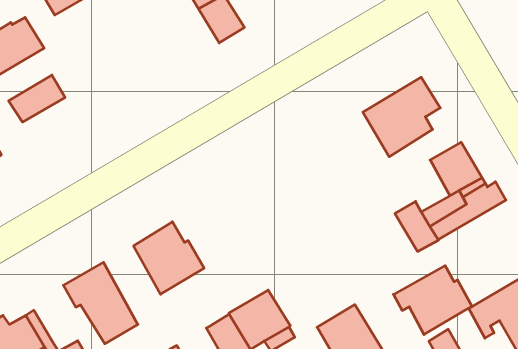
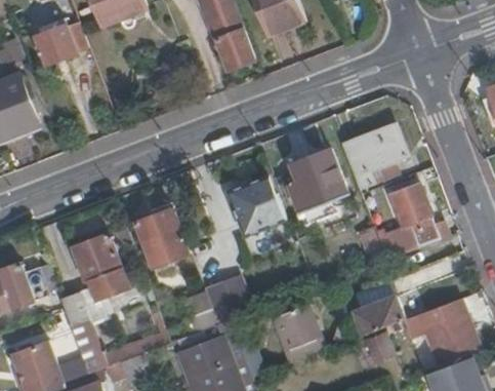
building: [9,75,65,122] -> none
building: none -> [287,150,344,226]
building: none -> [228,175,285,235]

